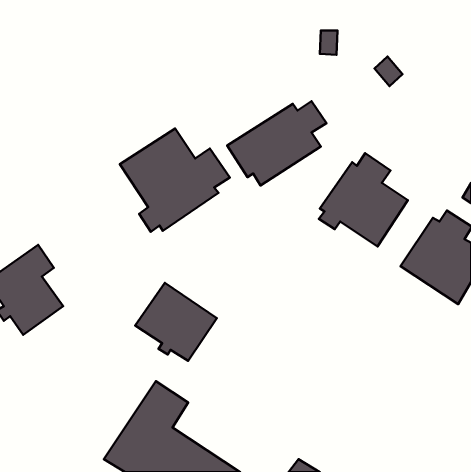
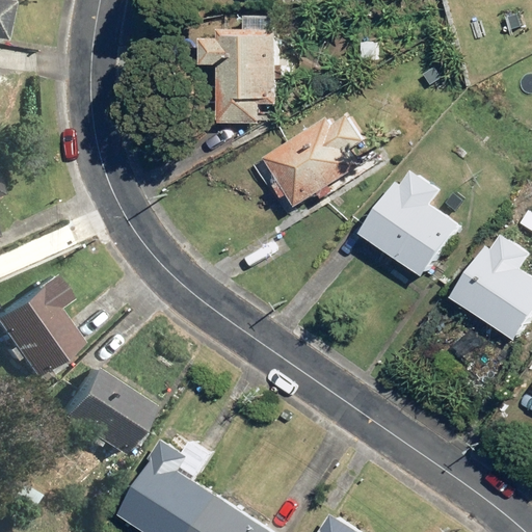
building: none -> [196,15,275,121]
building: [120,128,230,232] -> none
building: [135,283,217,361] -> [52,365,143,452]

